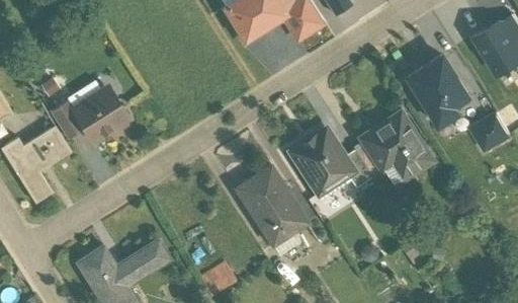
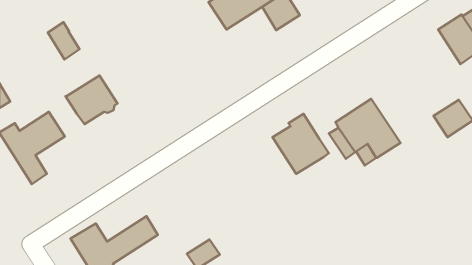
building: [409,56,468,125] -> none
building: [50,98,84,139] -> [48,22,80,60]
building: [345,149,373,186] -> none
building: [236,167,310,245] -> none

